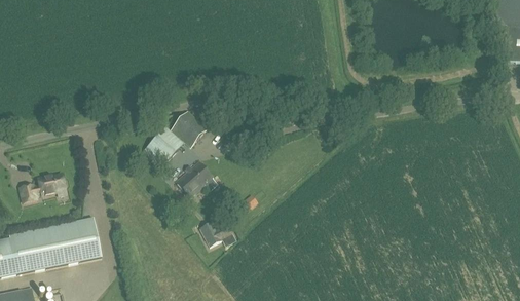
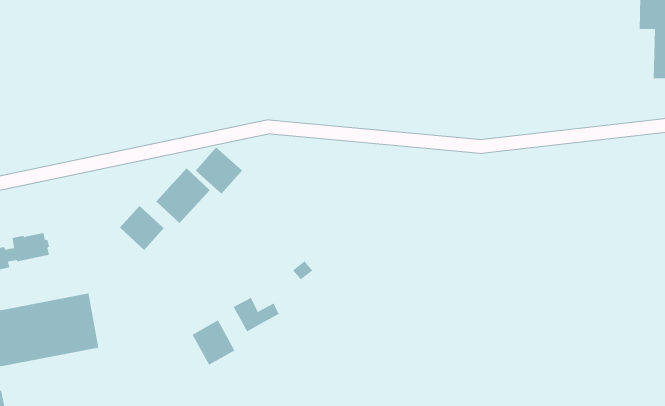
building: none -> [119,205,165,251]
building: [177,160,213,195] -> none
building: none -> [192,320,235,365]

